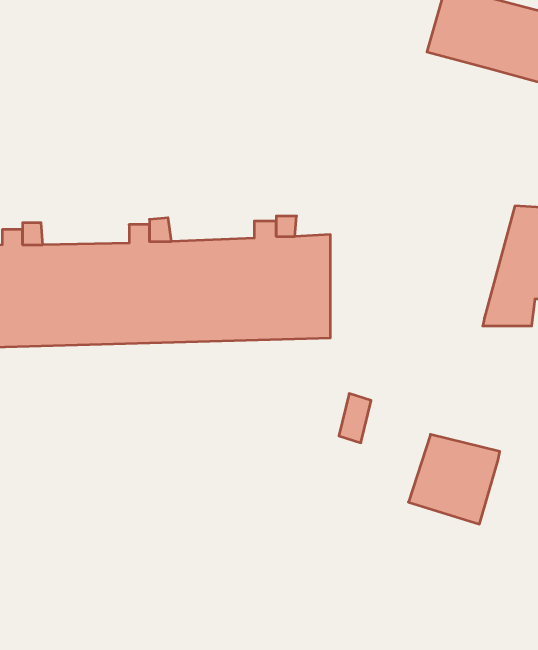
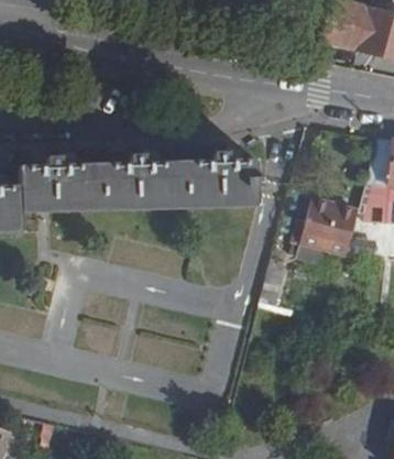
building: [408,434,500,524] -> [297,200,357,259]

